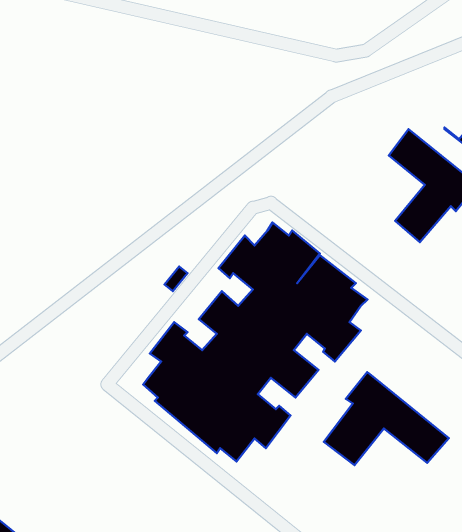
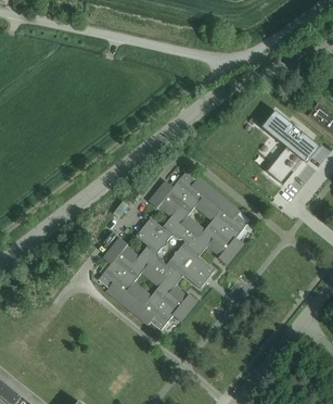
building: [324,372,449,465] -> none

